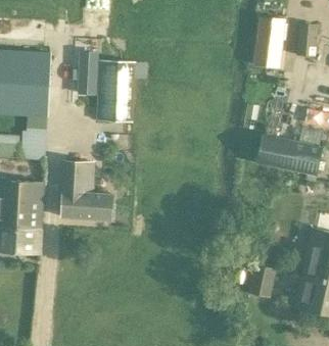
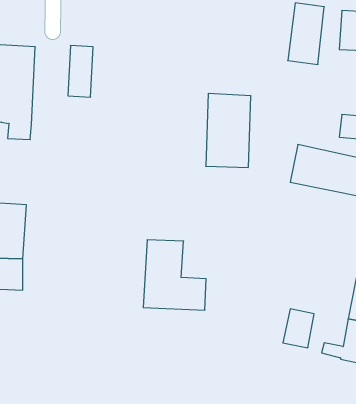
building: [96,60,133,120] -> [206,93,251,167]
building: [59,161,110,218] -> [143,240,206,310]

